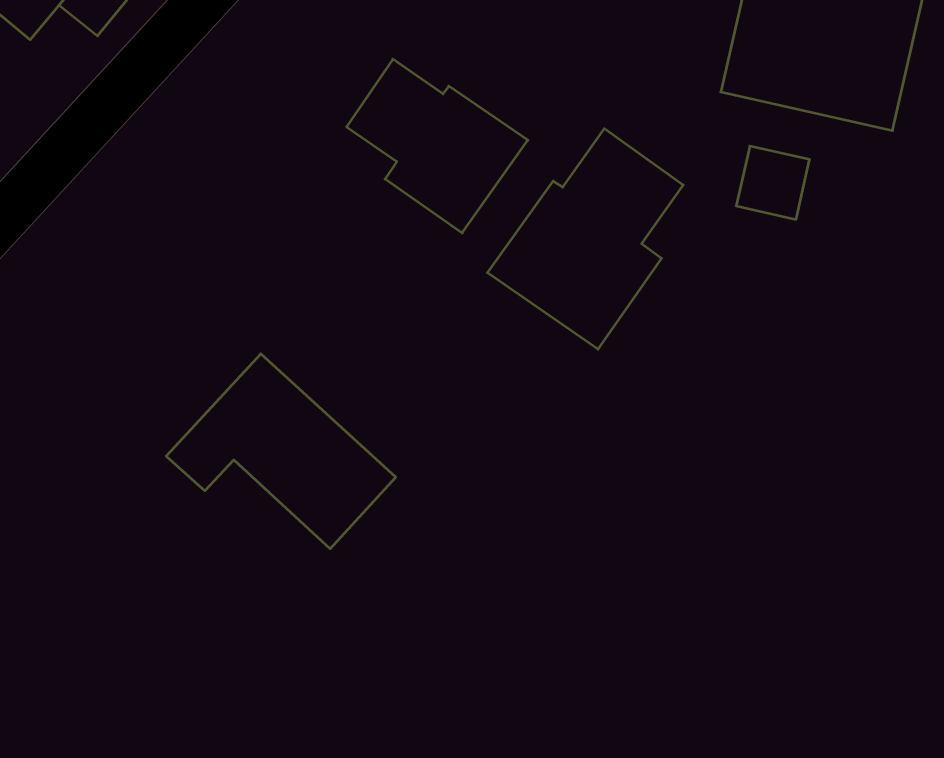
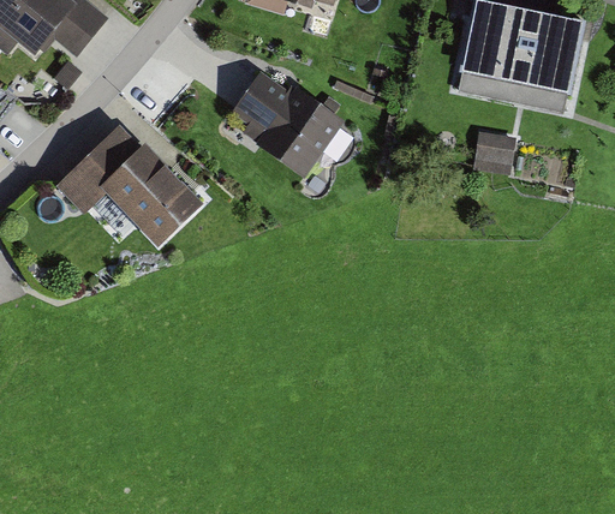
building: [487,129,683,349] -> none
building: [166,354,396,549] -> [64,124,207,245]

